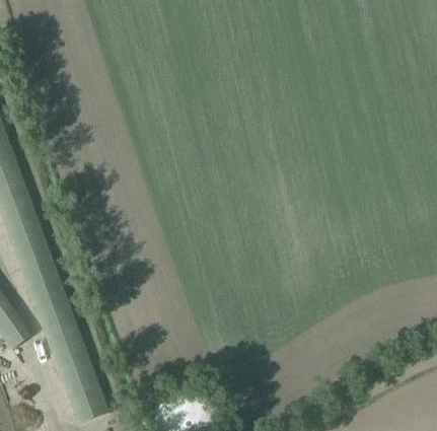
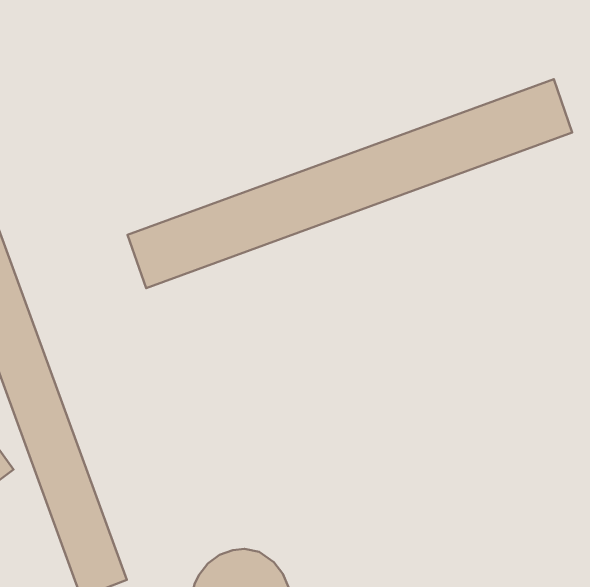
building: none -> [128,79,572,288]

